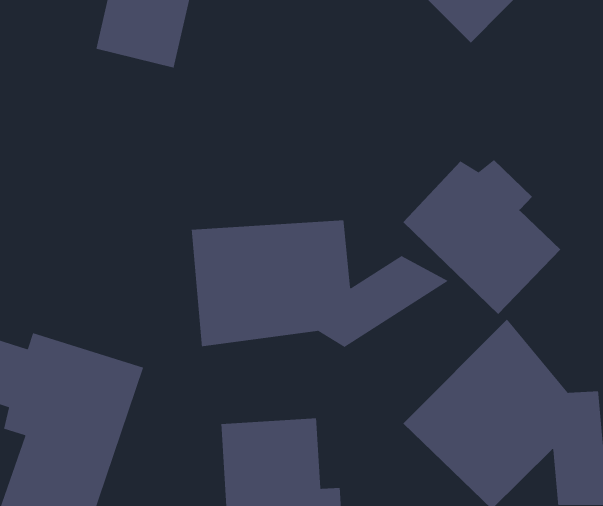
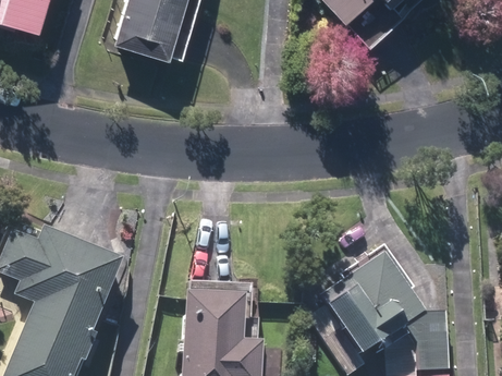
building: [402,159,561,315] -> none
building: [191,220,449,348] -> none

